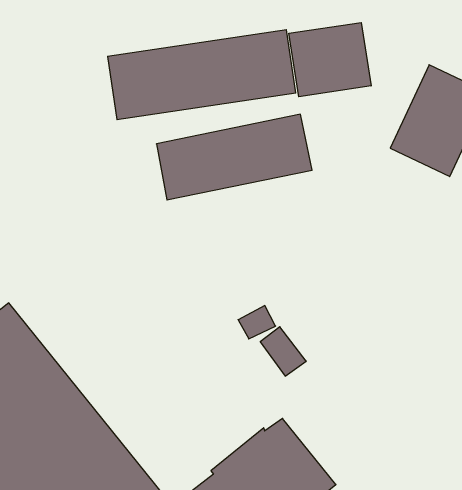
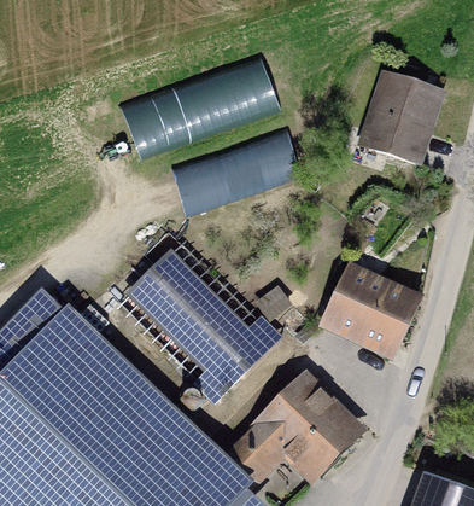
building: [289,23,371,97] -> none
building: none -> [133,256,265,388]
building: none -> [330,272,412,345]

